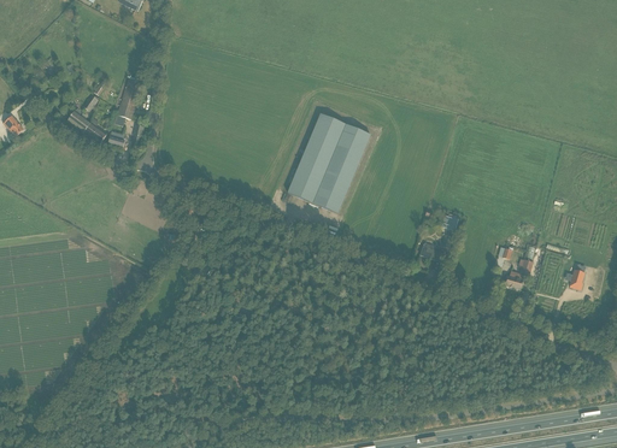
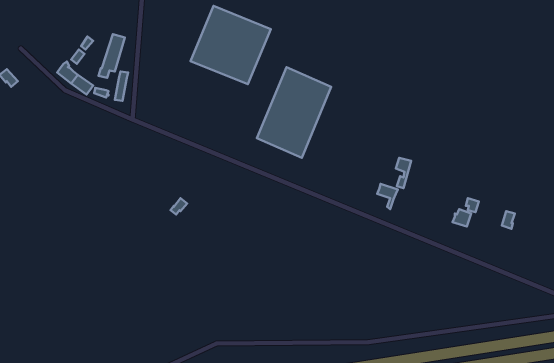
building: none -> [190,6,271,84]

